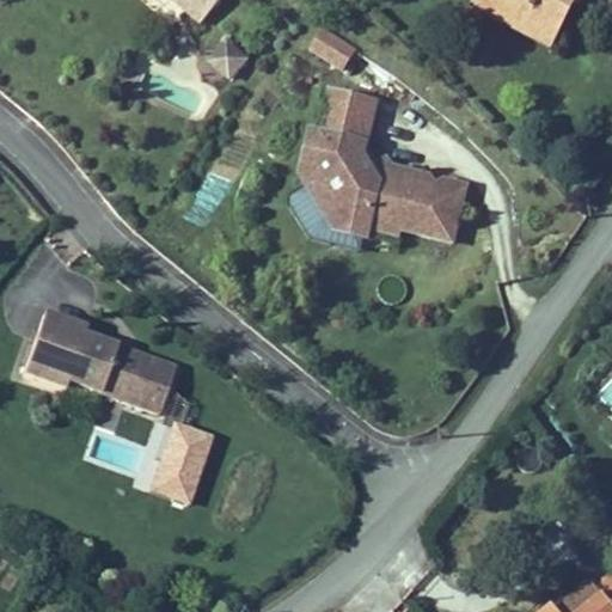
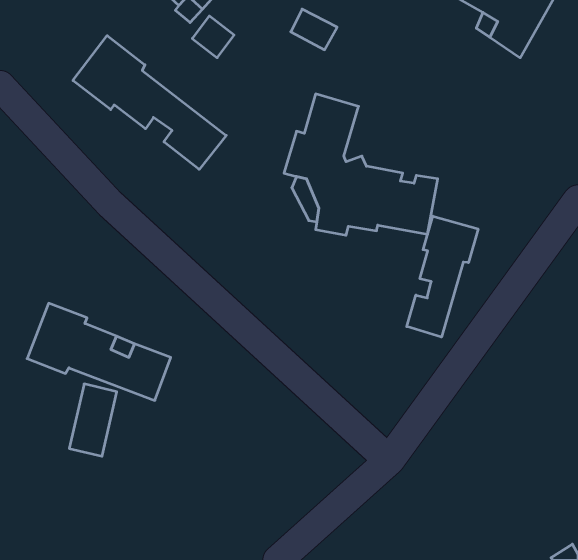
building: none -> [73,36,226,169]
building: none -> [407,216,478,337]
building: [155,408,206,484] -> [69,384,117,456]

